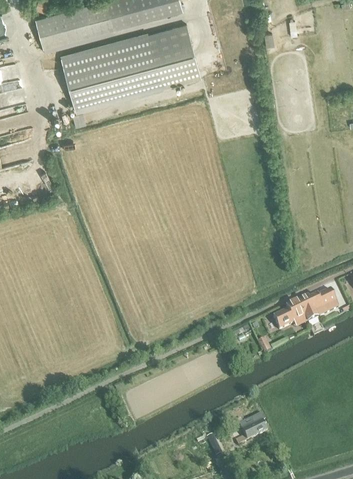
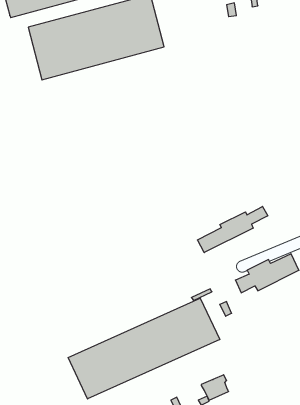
building: none -> [197,206,268,253]
building: none -> [68,298,220,399]

